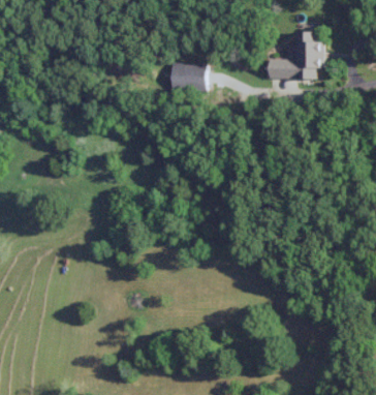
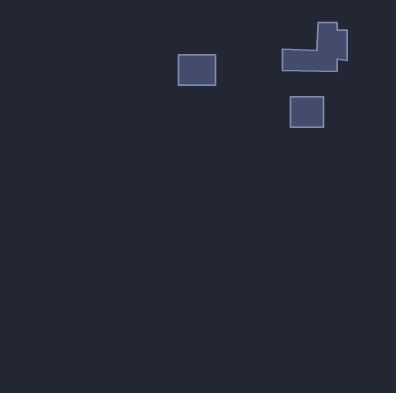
building: none -> [290,97,323,127]

